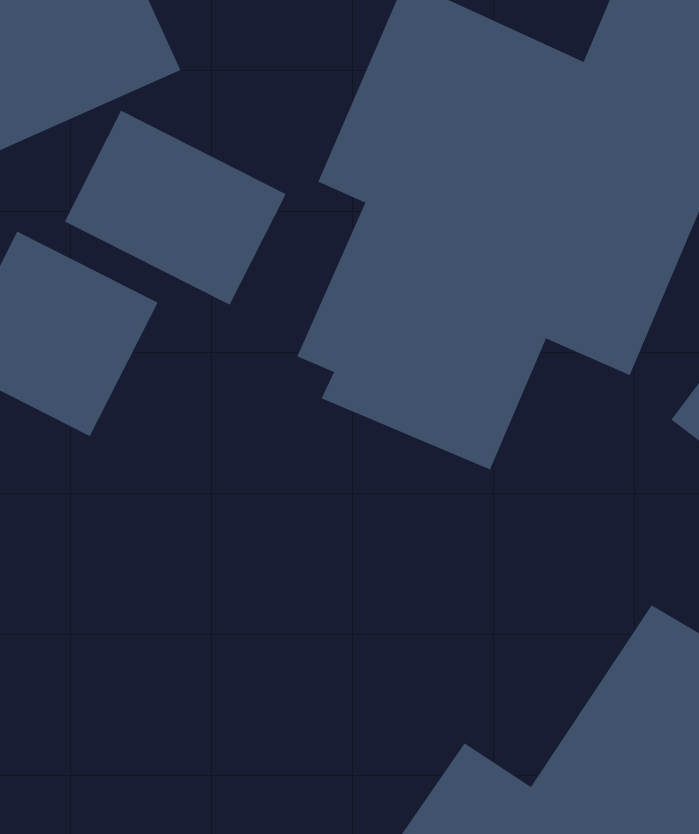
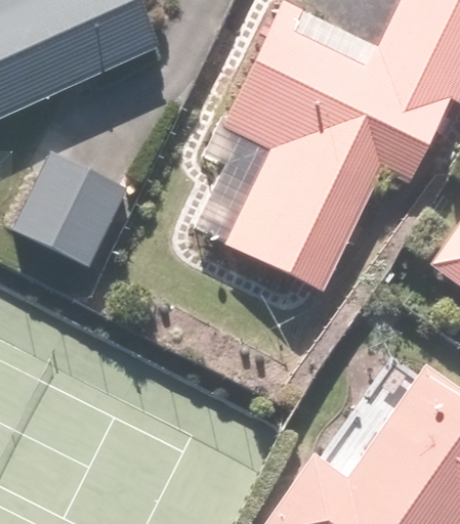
building: [64,110,286,306] -> none

